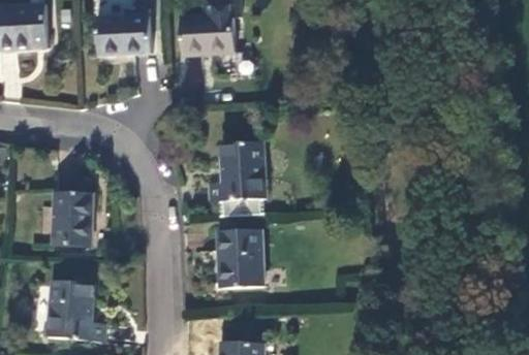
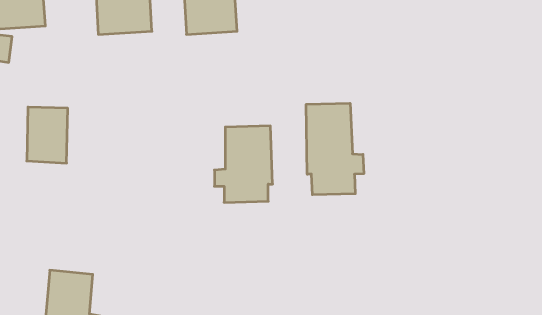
building: none -> [306,103,364,195]
building: [52,193,91,247] -> [27,107,68,163]
building: [219,231,263,288] -> none

